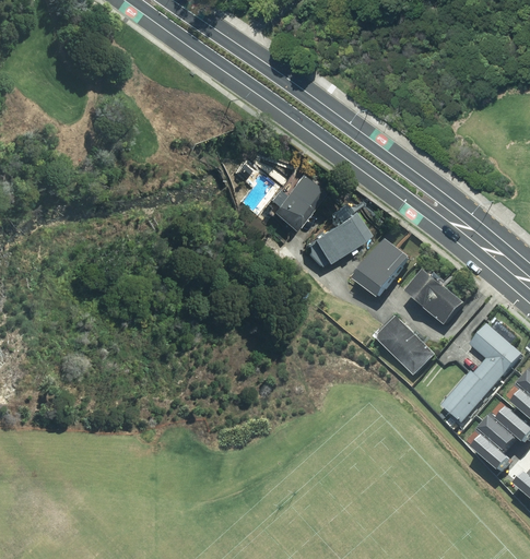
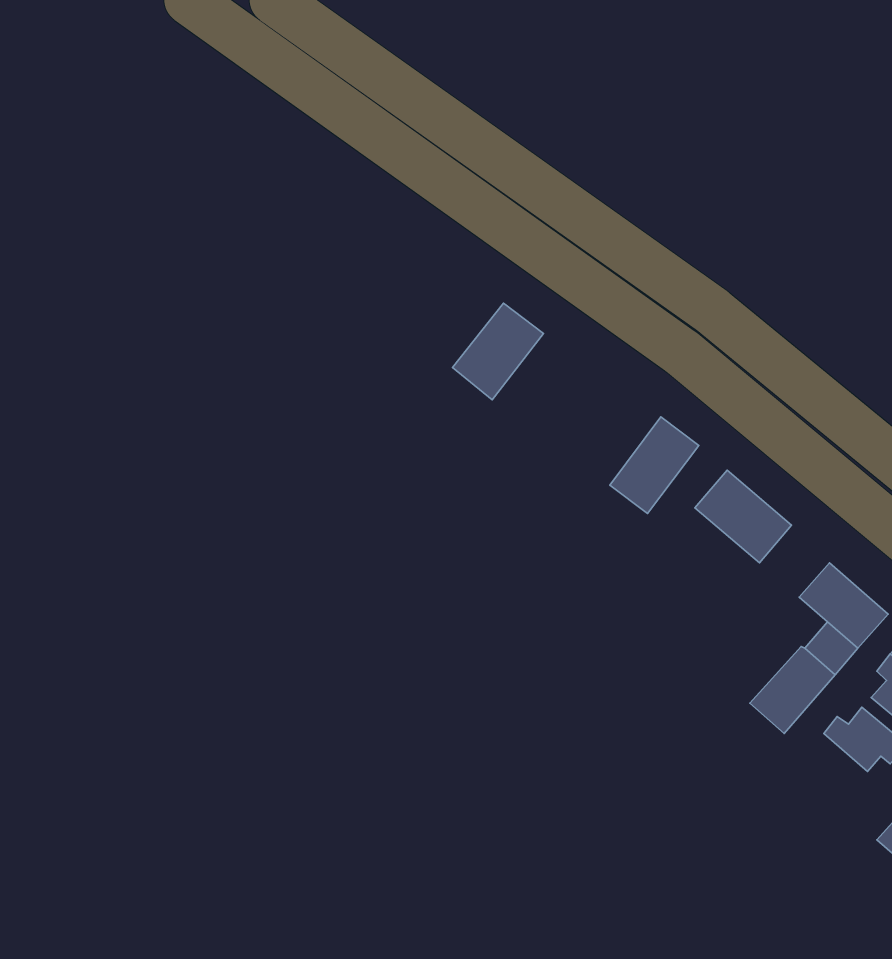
building: [309,211,365,261] -> none
building: [380,318,435,374] -> none
building: [471,423,508,469] -> none

